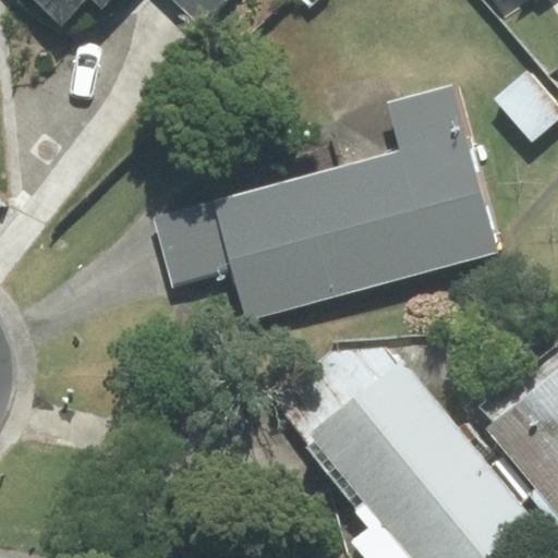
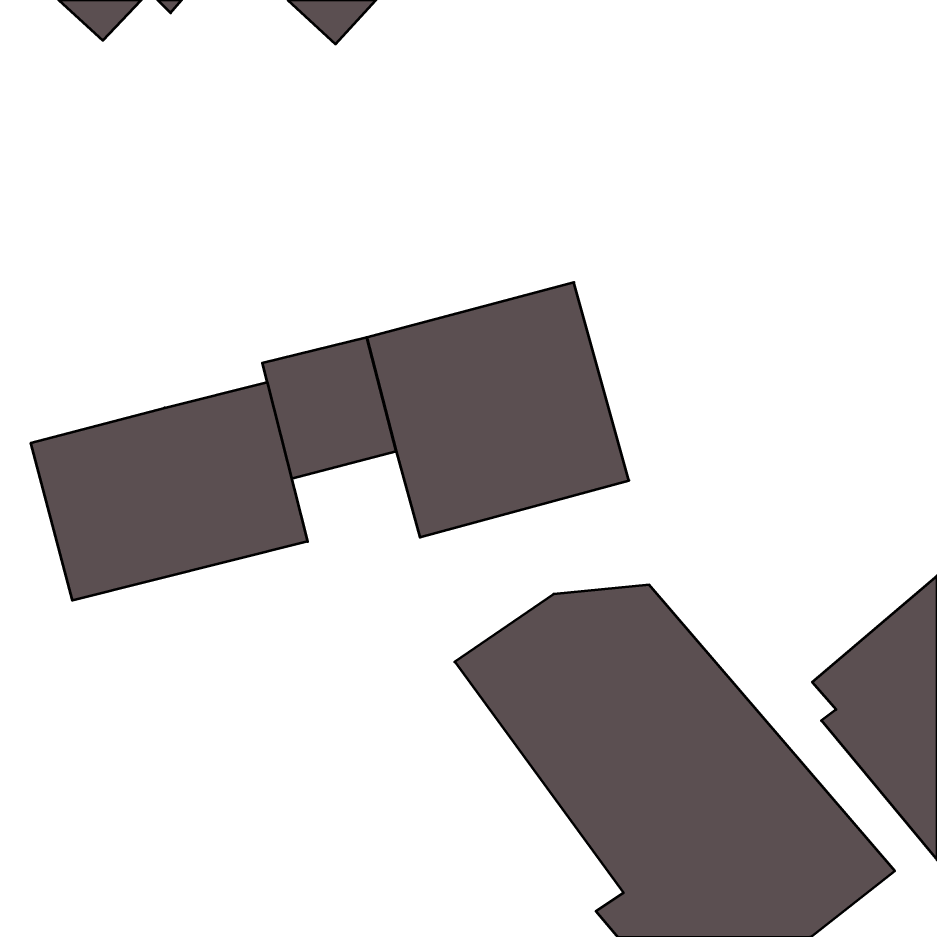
building: [341,84,501,286] -> none
building: none -> [31,382,308,600]

